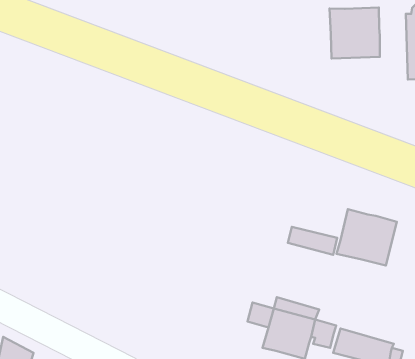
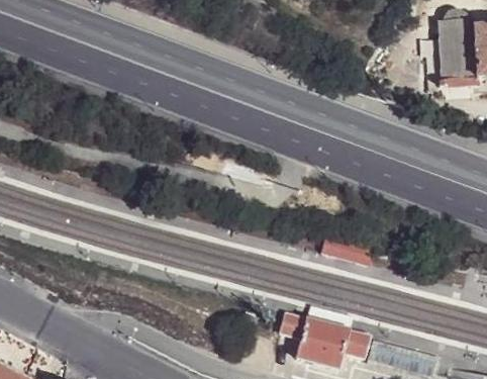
building: [330,7,380,58] -> none
building: [336,209,397,266] -> none

